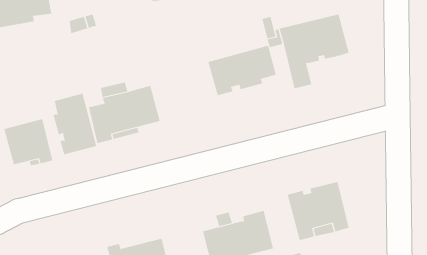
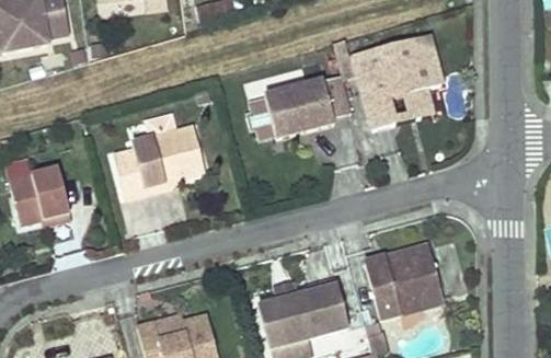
building: none -> [390,85,435,122]
building: [53,93,97,155] -> none

